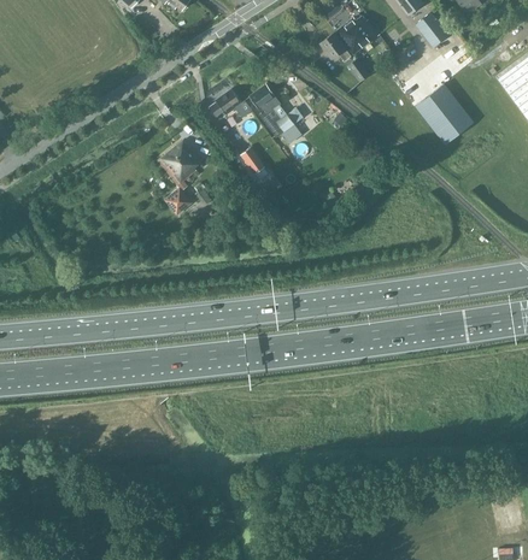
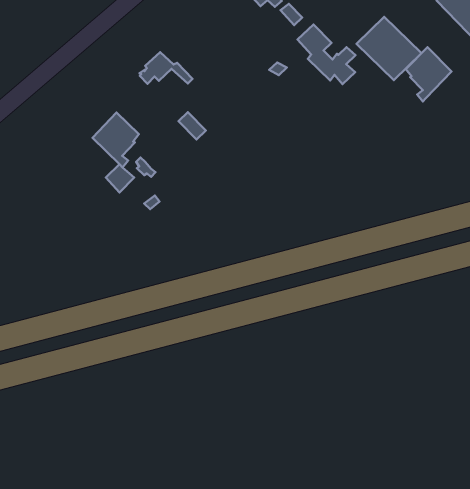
building: [252,83,304,142] -> [297,24,355,84]
building: none -> [406,47,452,102]

